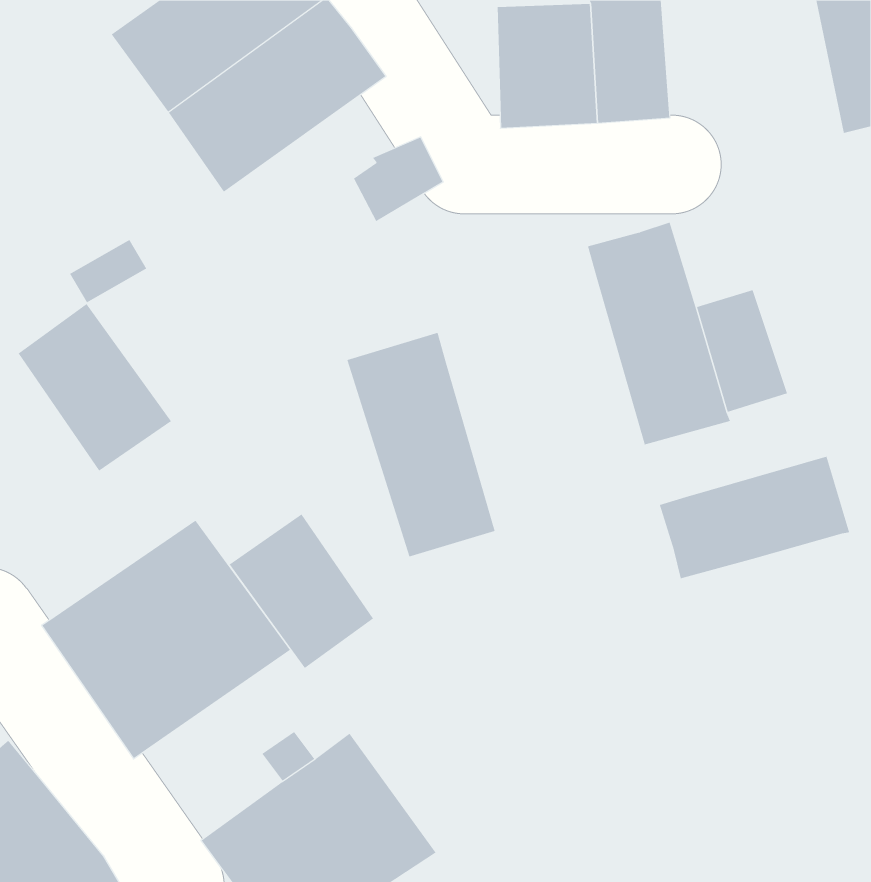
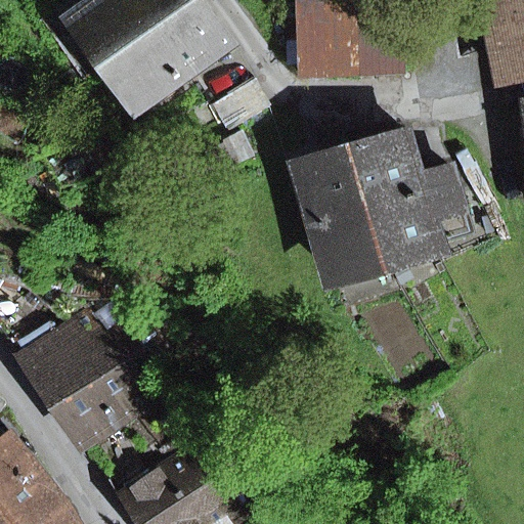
building: [18,303,172,472] -> none
building: [347,332,495,557] -> [293,147,381,280]
building: [659,456,850,579] -> none
building: [229,514,374,669] -> none

